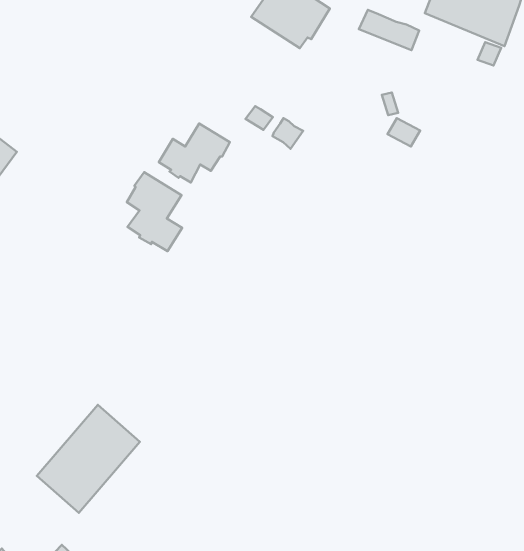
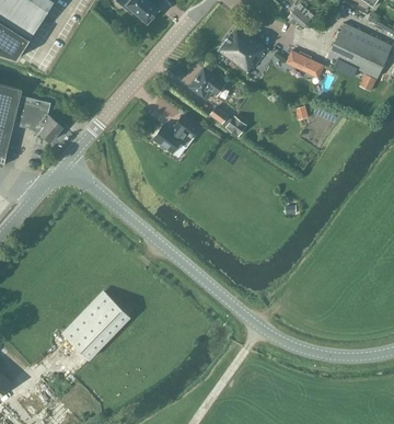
building: none -> [188,68,223,98]
building: [127,172,182,251] -> none

